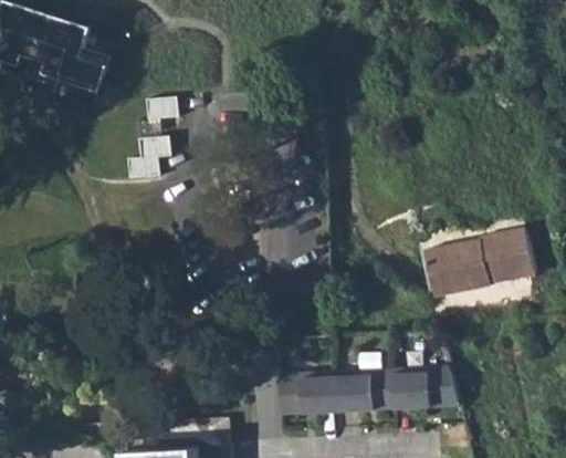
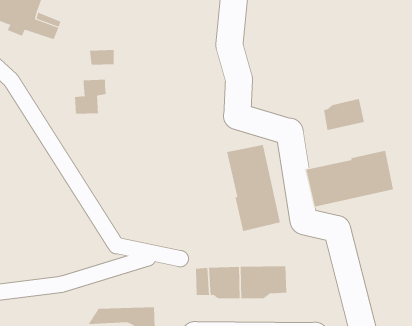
building: none -> [324,98,364,131]
building: none -> [227,144,280,232]
building: [394,368,459,410] -> none

